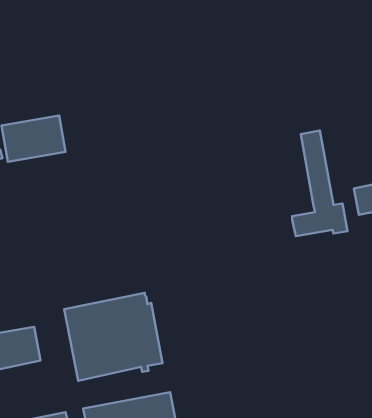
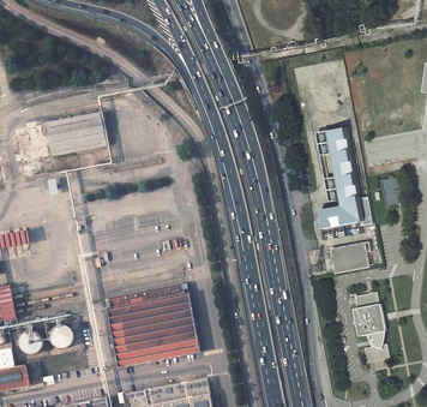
building: none -> [331,244,368,273]
building: none -> [355,293,391,363]

